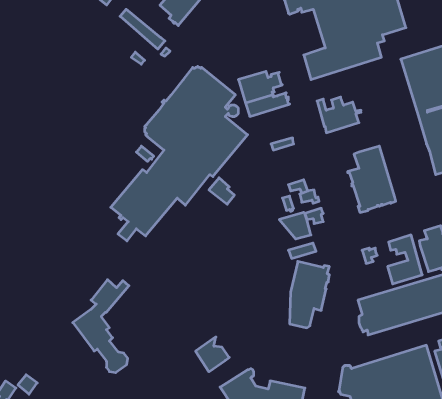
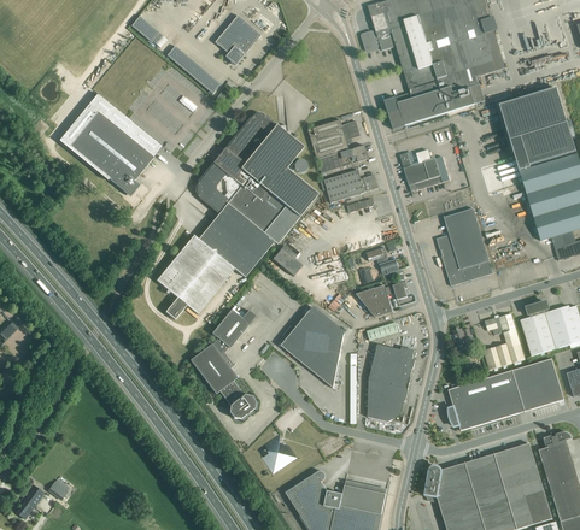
building: none -> [59,93,163,196]
building: none -> [320,169,377,202]
building: none -> [281,310,344,388]
building: [73,280,129,373] -> [191,308,257,418]

